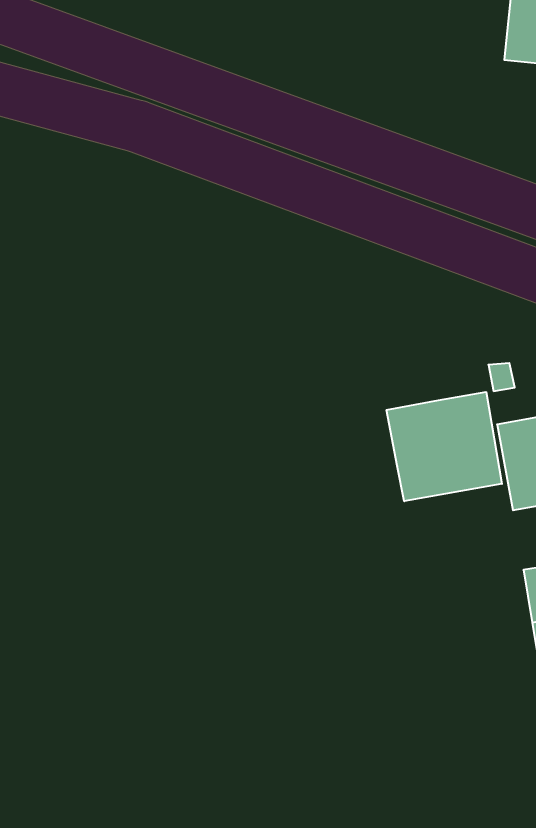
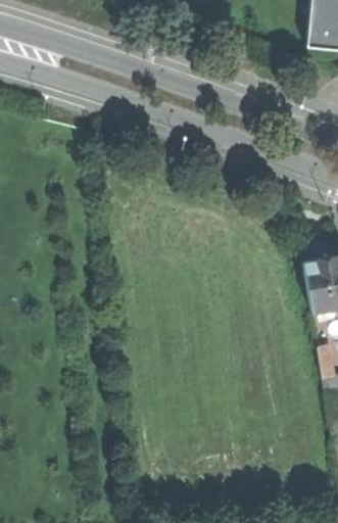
building: [387,392,502,501] -> none

